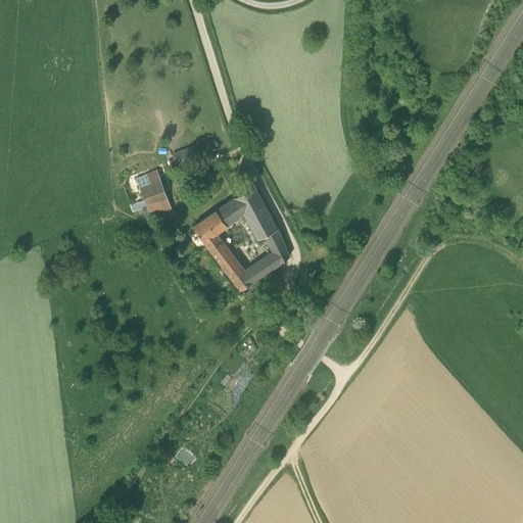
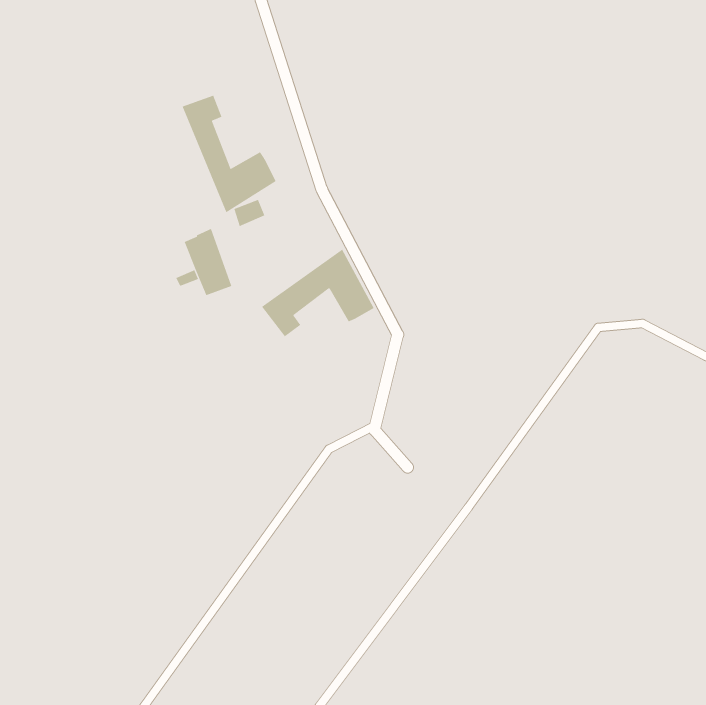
building: none -> [182,95,276,213]
building: [210,229,288,291] -> none

